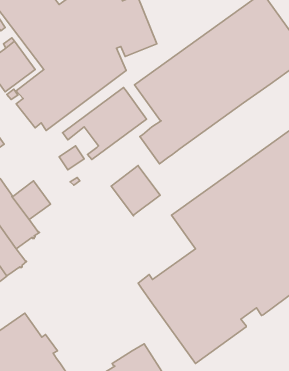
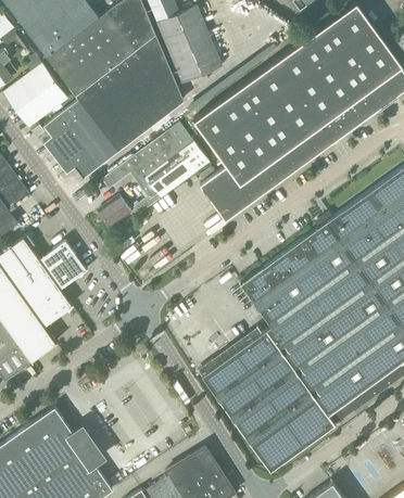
building: [111,165,160,216] -> none

